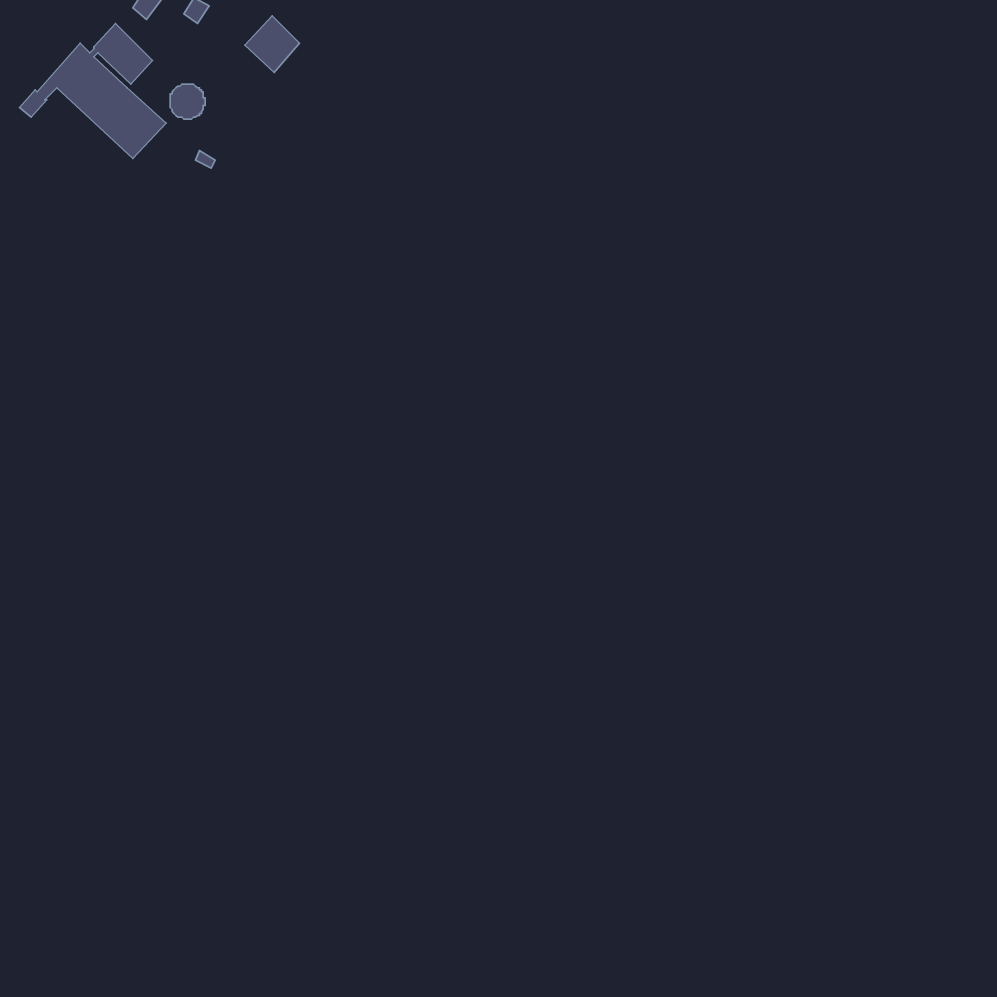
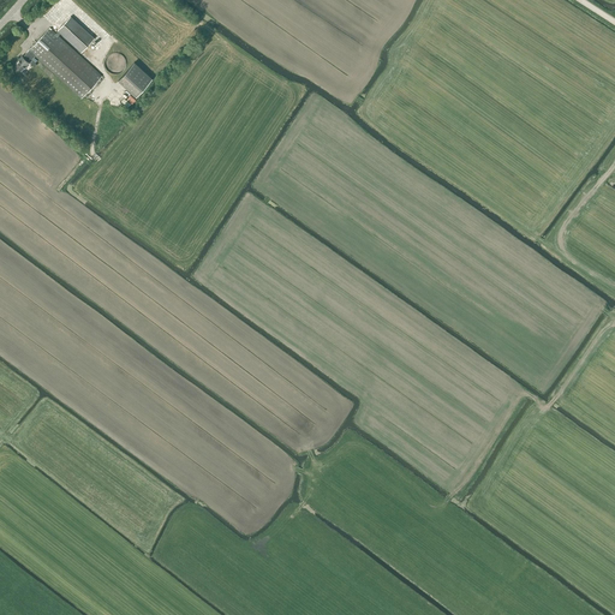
building: [245,16,299,73] -> [119,61,153,96]

